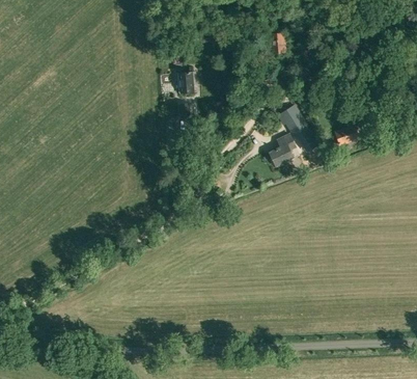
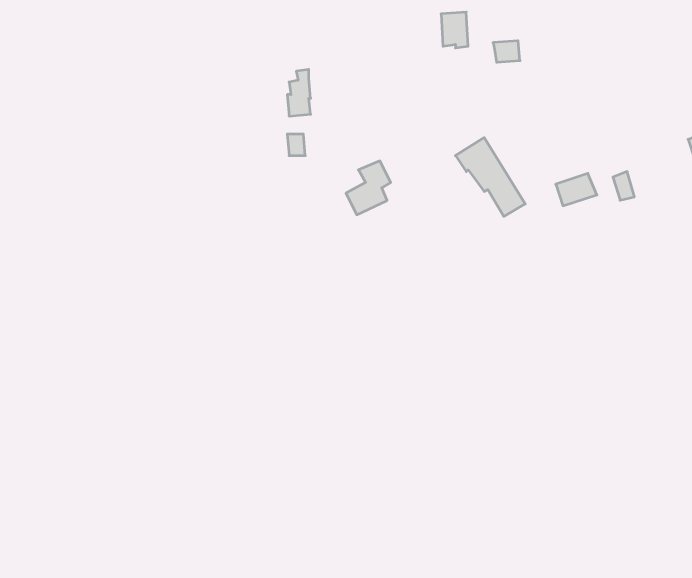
building: [270,134,296,165] -> [346,161,391,215]

